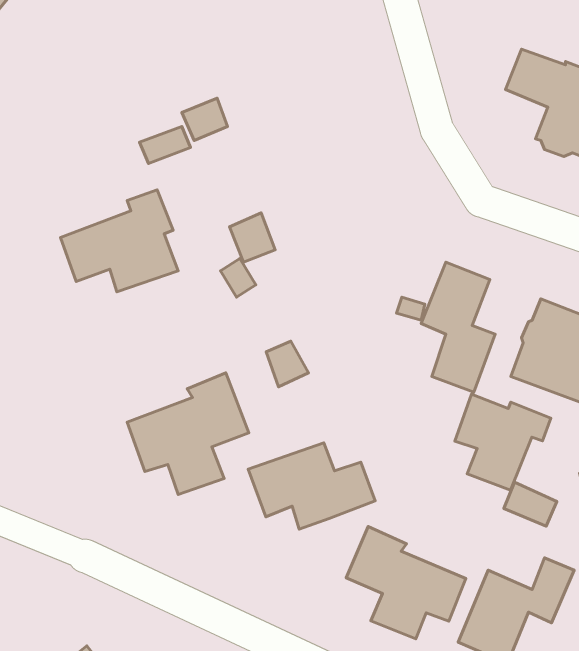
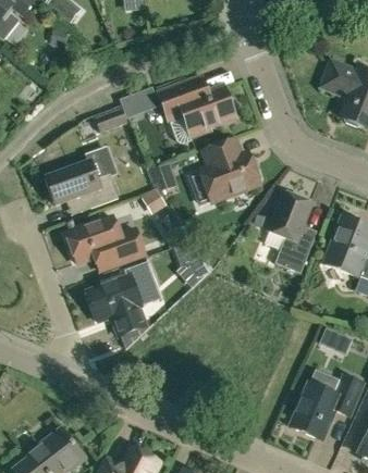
building: none -> [158,75,234,140]
building: none -> [198,138,260,200]
building: [455,394,551,490] -> none
building: [248,443,375,529] -> [65,216,144,270]
building: [346,527,466,639] -> none

